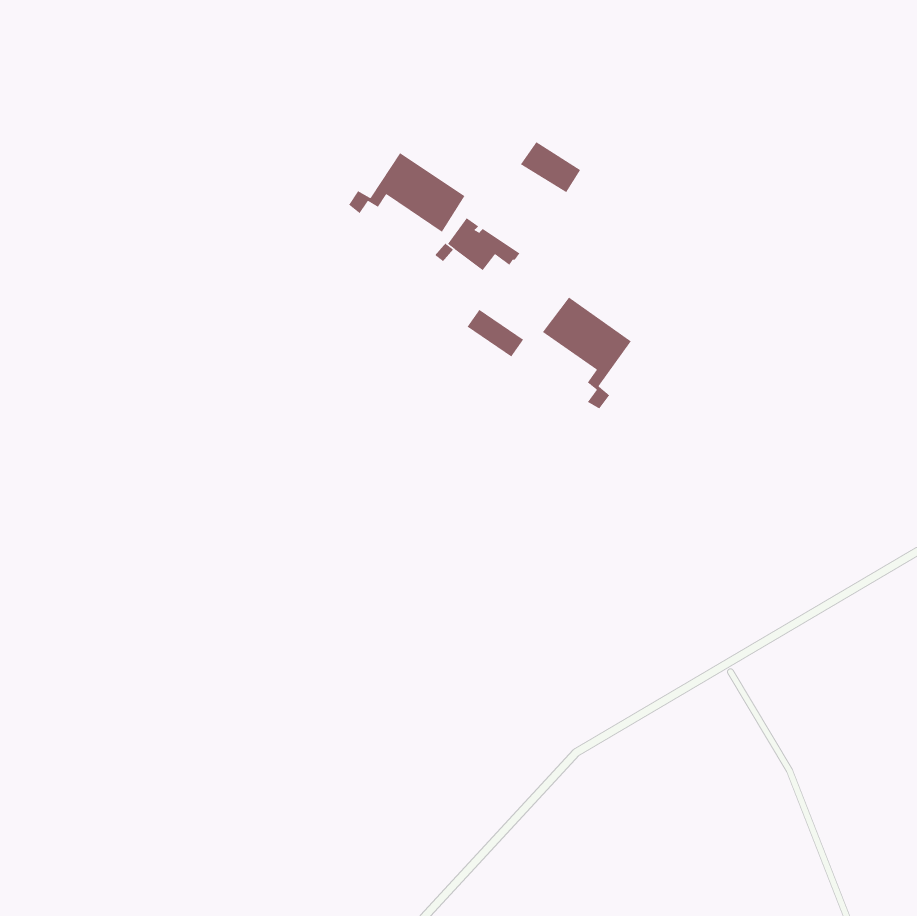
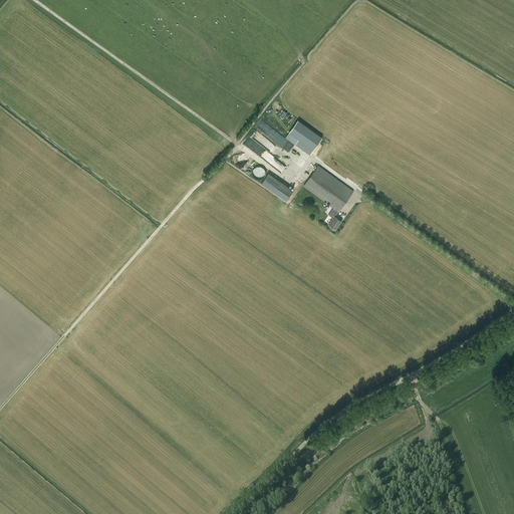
building: [520,141,581,193] -> [290,120,324,150]
building: [348,152,465,233] -> none

